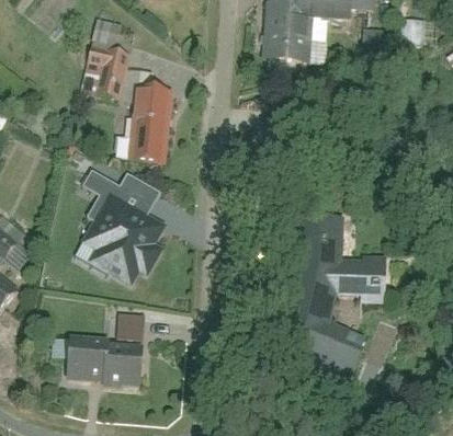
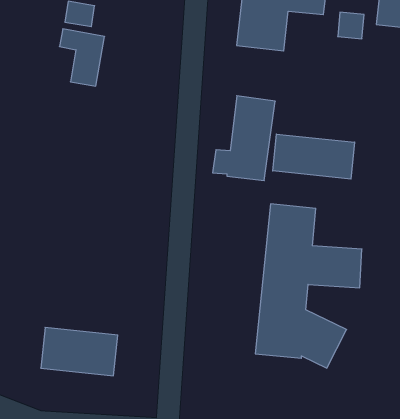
building: [113,82,175,167] -> [213,96,275,181]
building: none -> [273,134,355,179]
building: [78,165,157,272] -> none
building: [116,313,146,340] -> none

